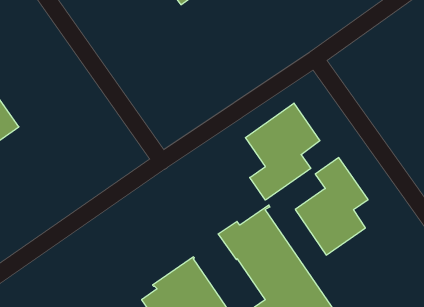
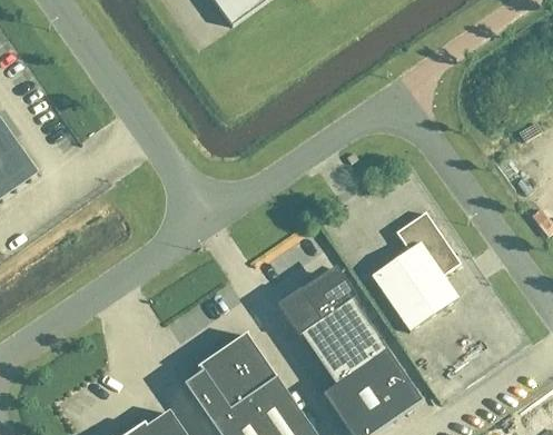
building: [245,103,320,200] -> none

